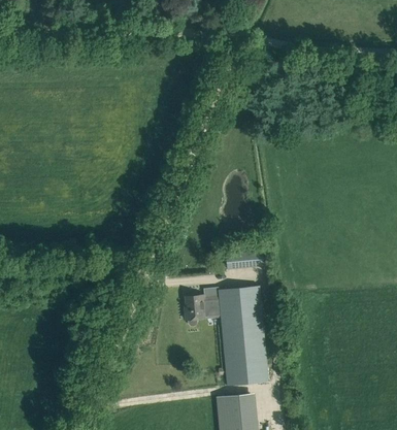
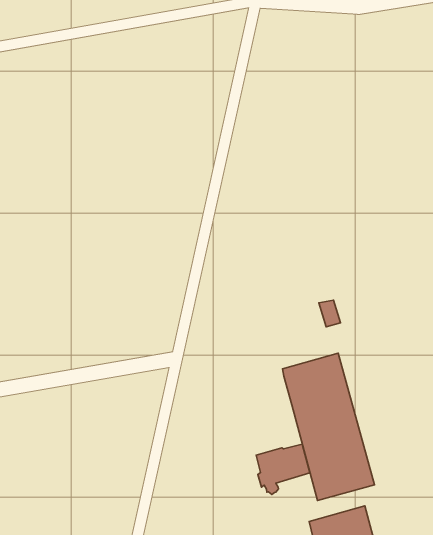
building: [184,295,220,326] -> [256,444,310,494]

